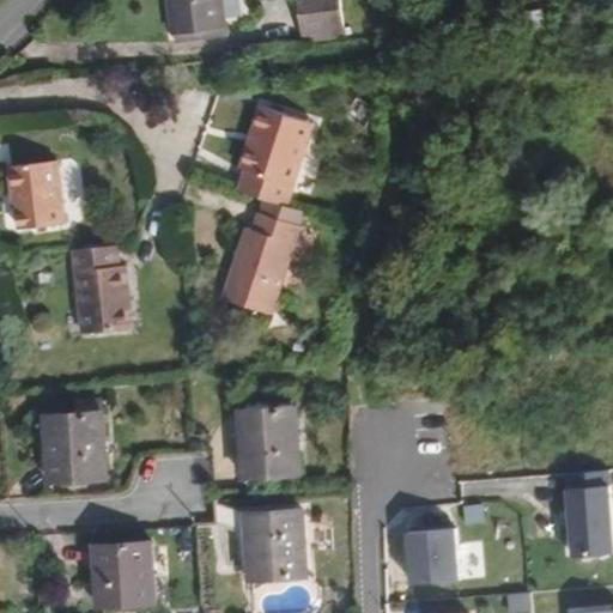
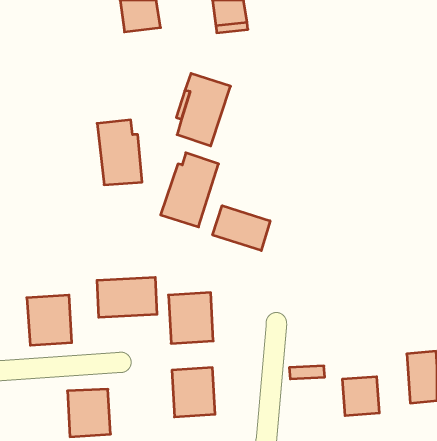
building: [5,154,66,223] -> none
building: [72,242,134,332] -> [97,120,142,185]
building: none -> [213,206,270,251]
building: none -> [97,277,157,317]
building: [405,528,456,582] -> [342,377,379,416]

